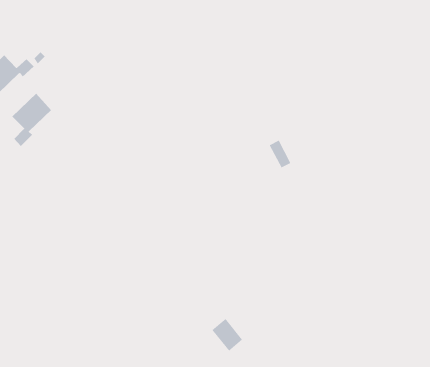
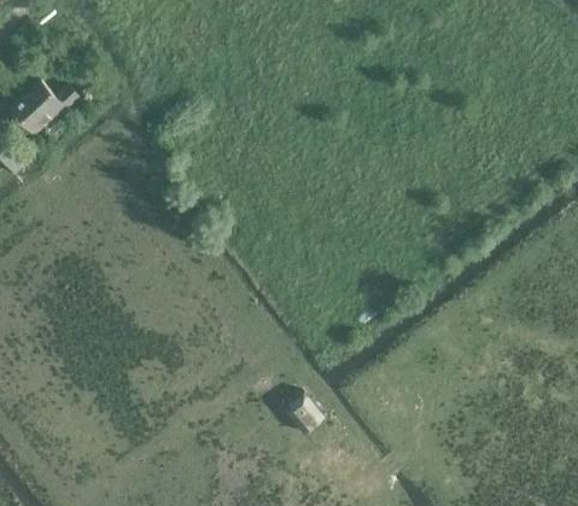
building: [11,93,52,147] -> none

